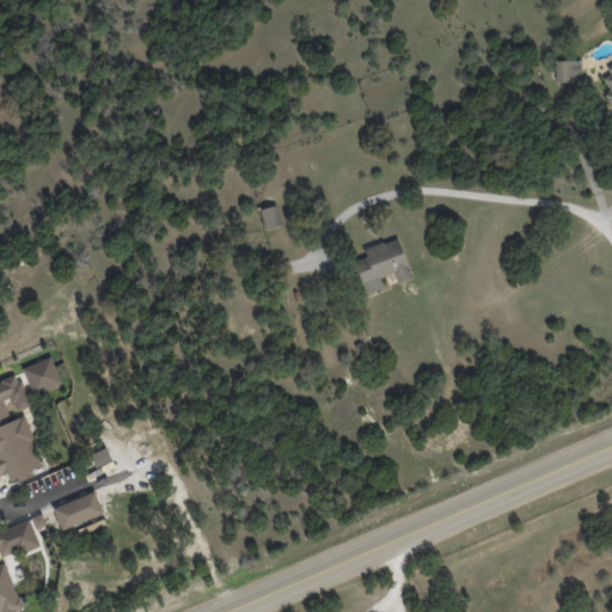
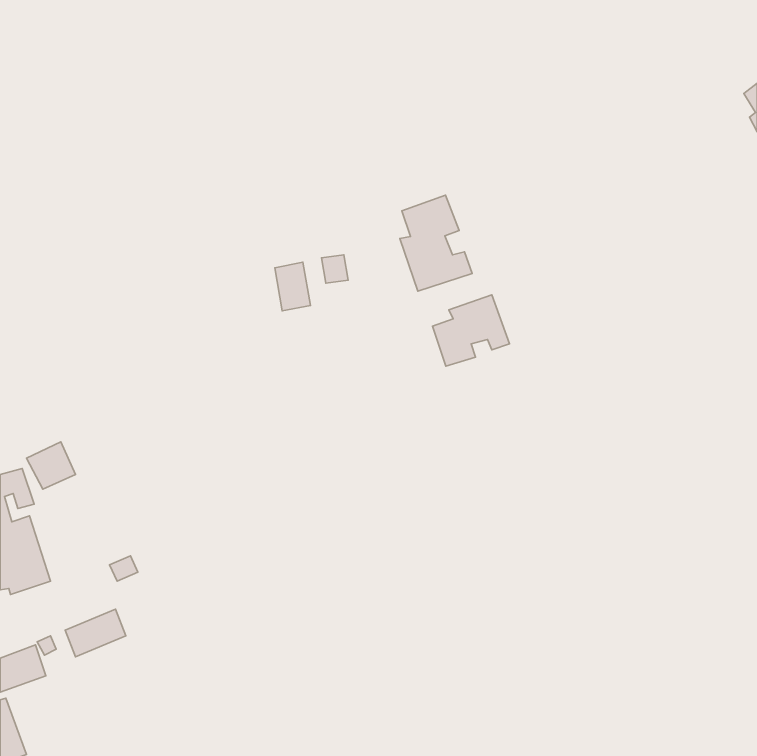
building: [555,61,581,82] -> none
building: none -> [400,195,472,291]
building: none -> [275,262,310,311]

